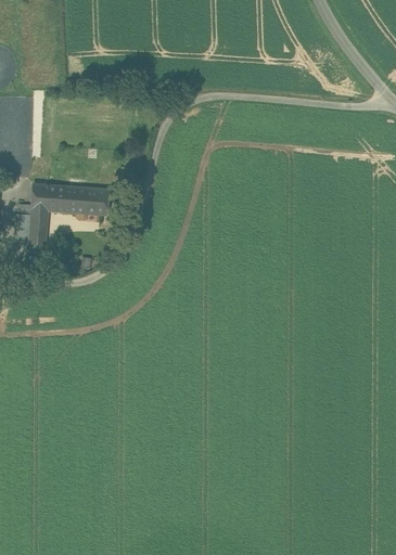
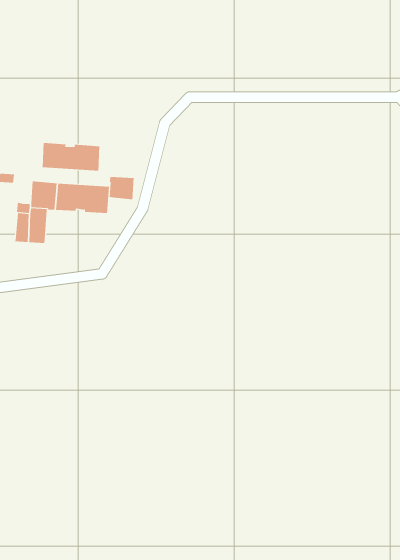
building: none -> [42,142,100,171]
building: none -> [109,176,134,200]

